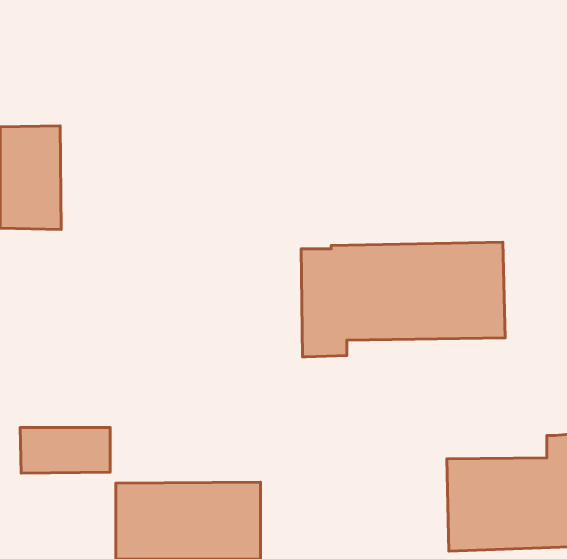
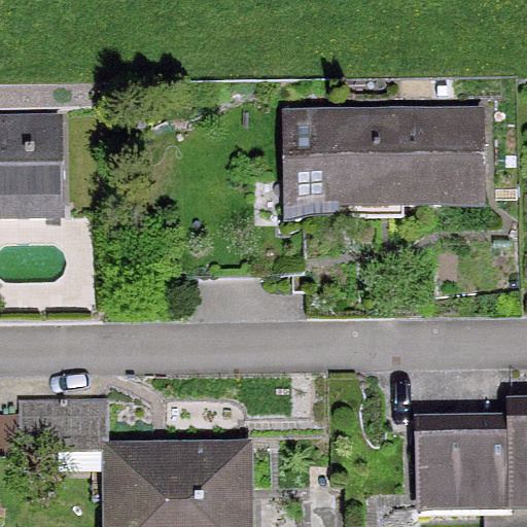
building: [301,242,505,357] -> [288,109,477,215]

